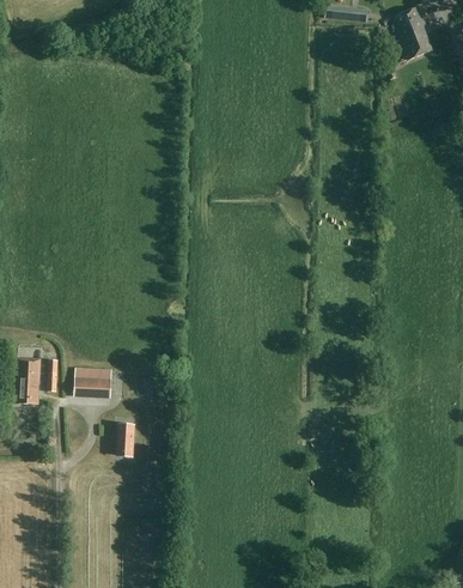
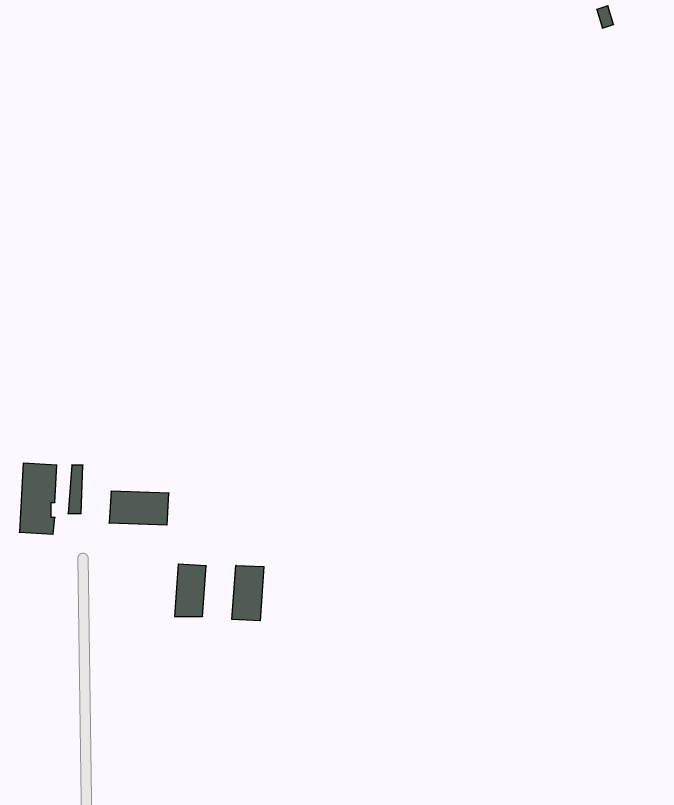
building: none -> [232,565,264,621]

